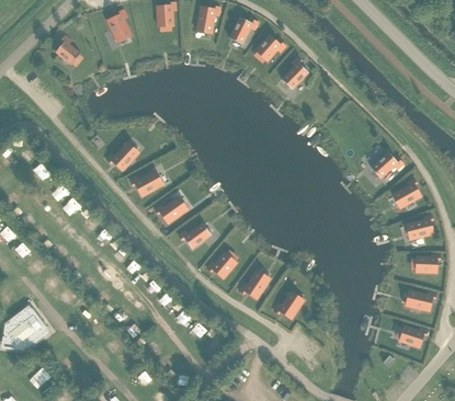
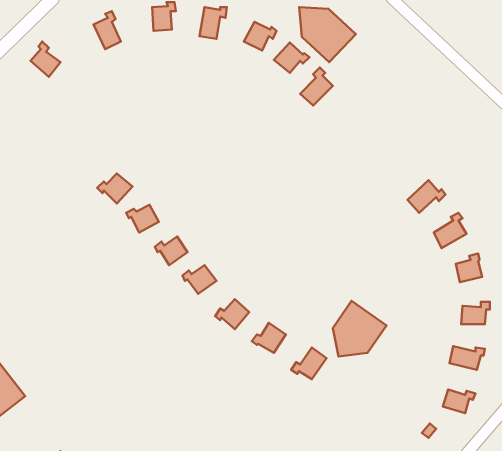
building: none -> [299,7,356,62]
building: none -> [333,301,386,357]

